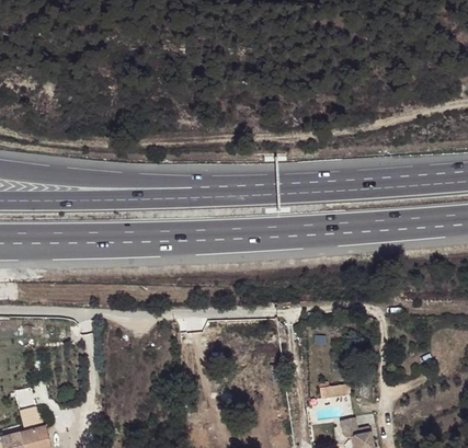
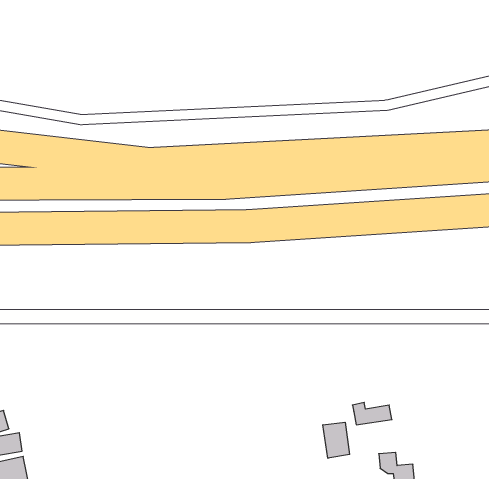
building: none -> [323,422,350,458]

